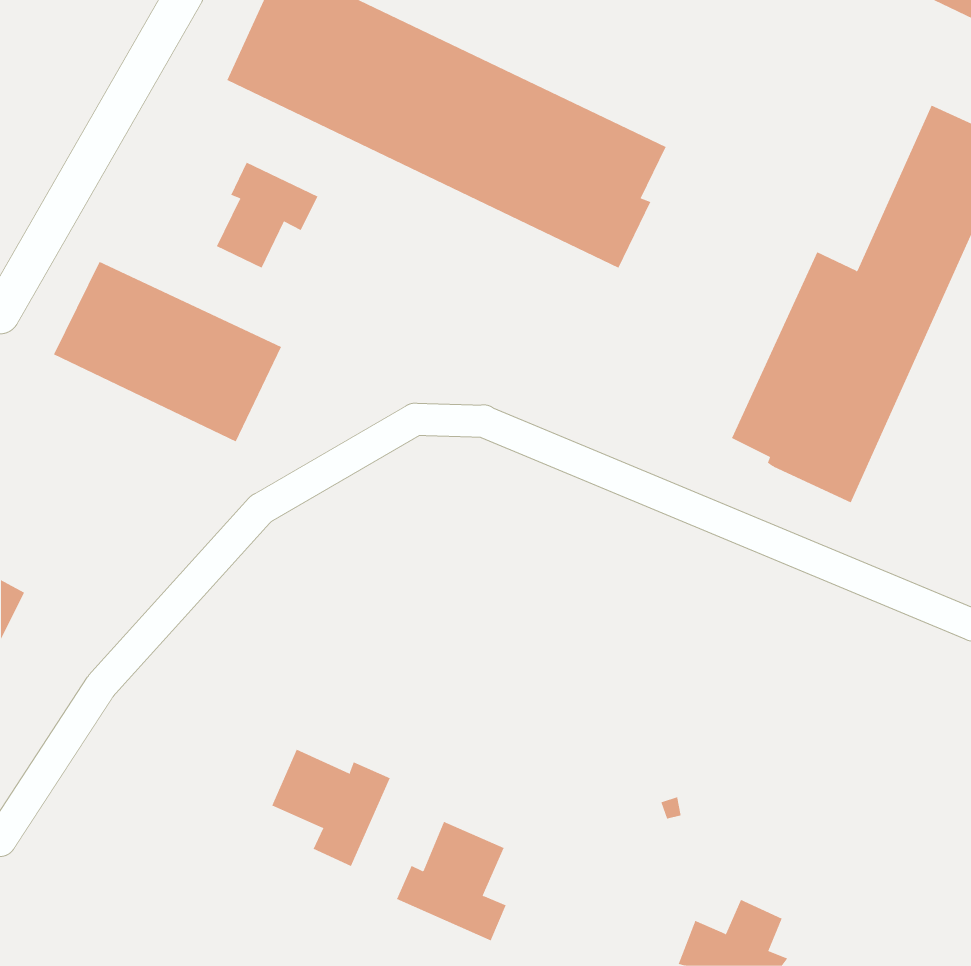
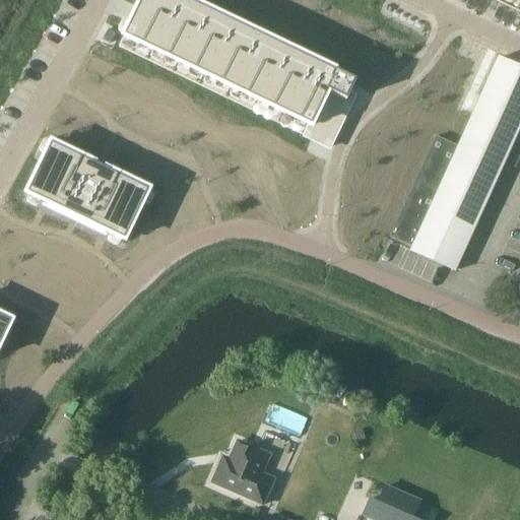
building: [216,162,318,268] -> none
building: [271,749,390,867] -> none

